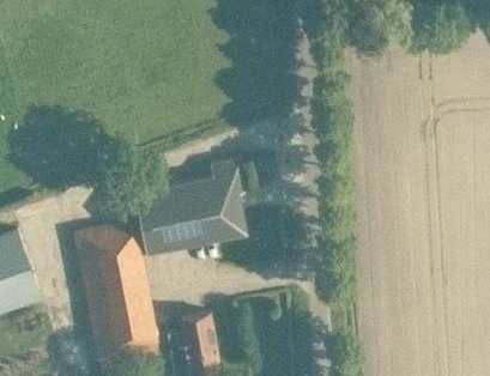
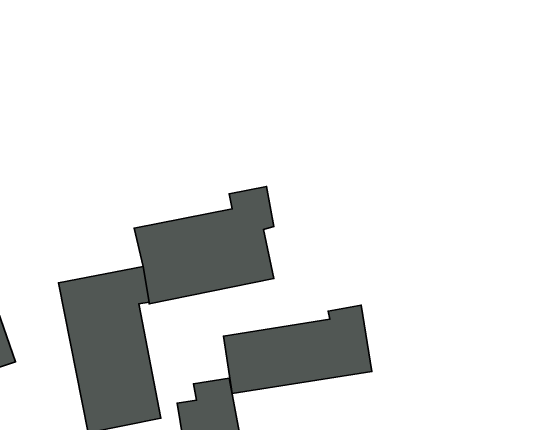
building: none -> [224,305,372,394]

